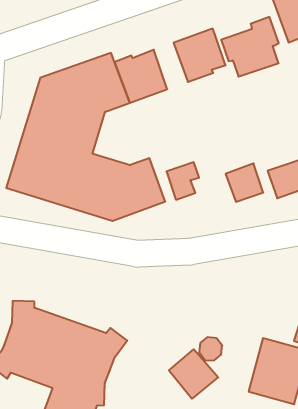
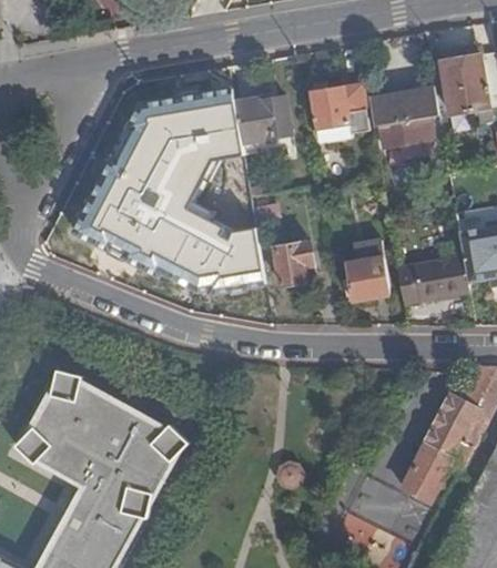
building: [169,349,218,399] -> none

